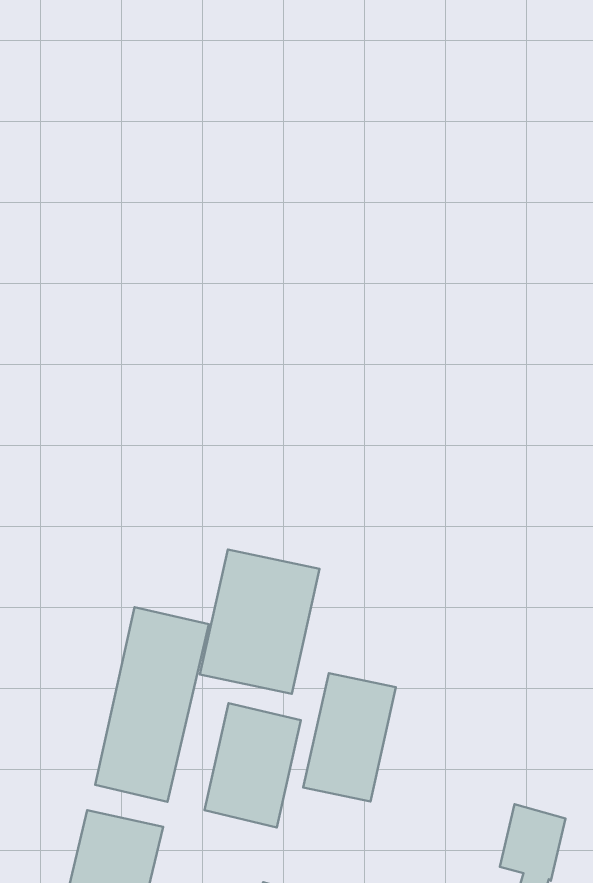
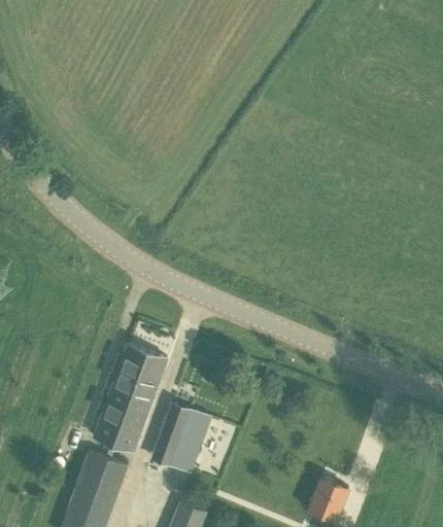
building: [200,550,320,694] -> none
building: [303,673,396,801] -> none

